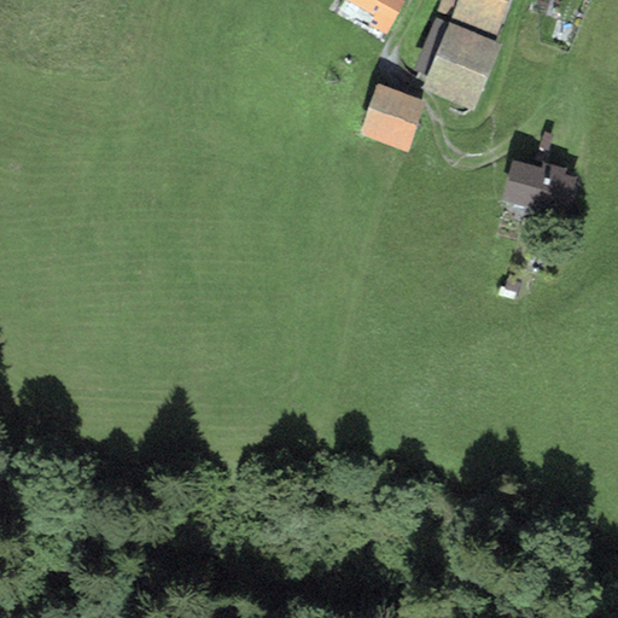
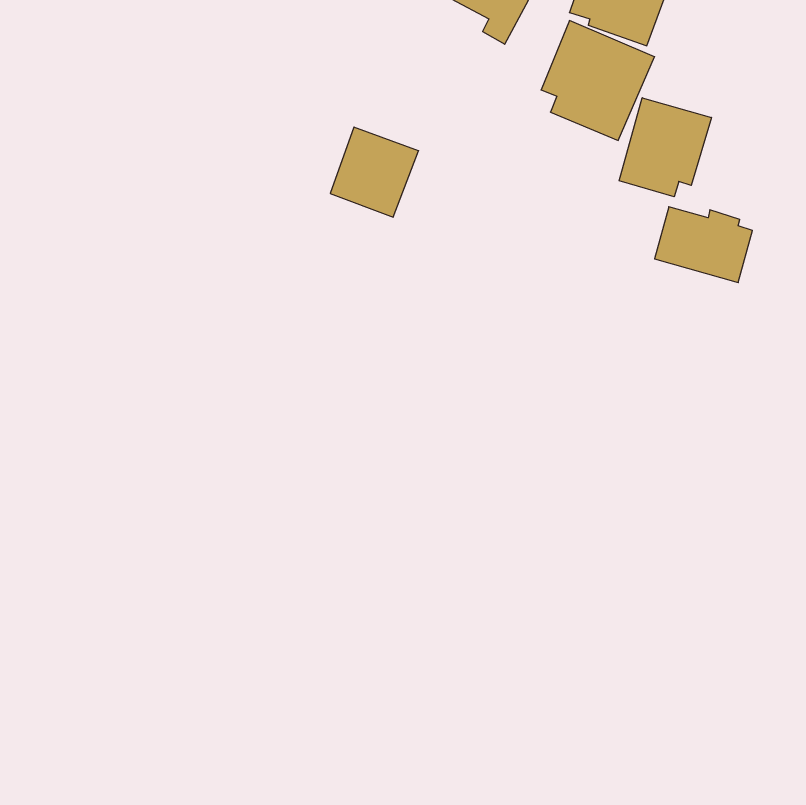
building: none -> [619,98,711,197]
building: [358,82,426,151] -> [330,127,419,217]

